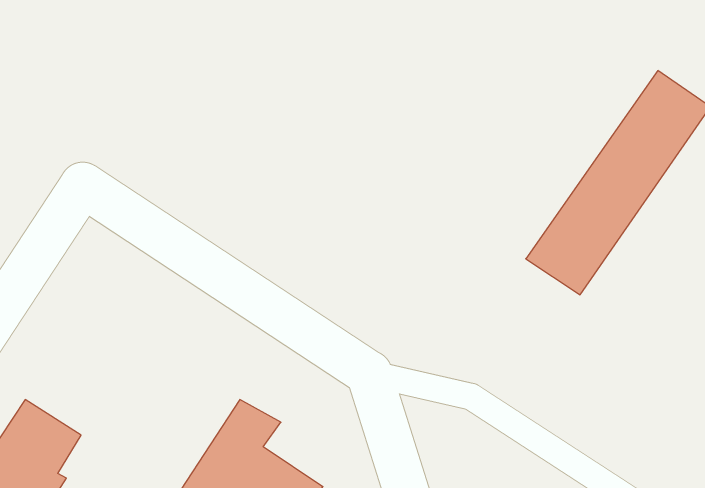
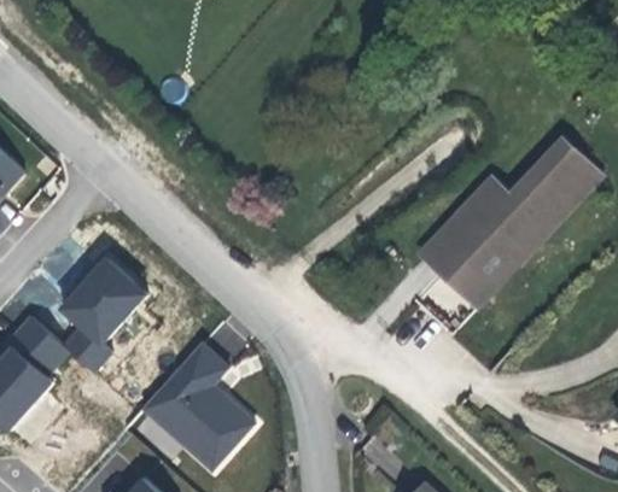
building: none -> [421,181,511,271]
building: none -> [63,260,145,371]

